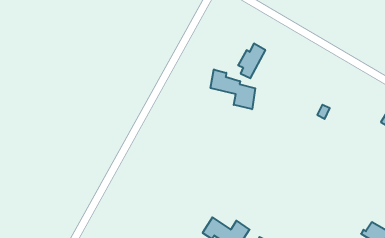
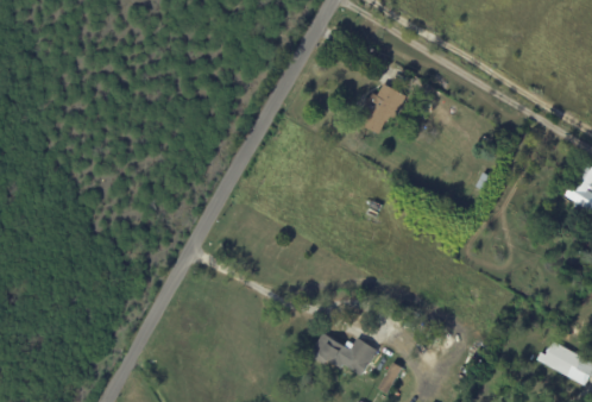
building: [211,69,255,109] -> none

